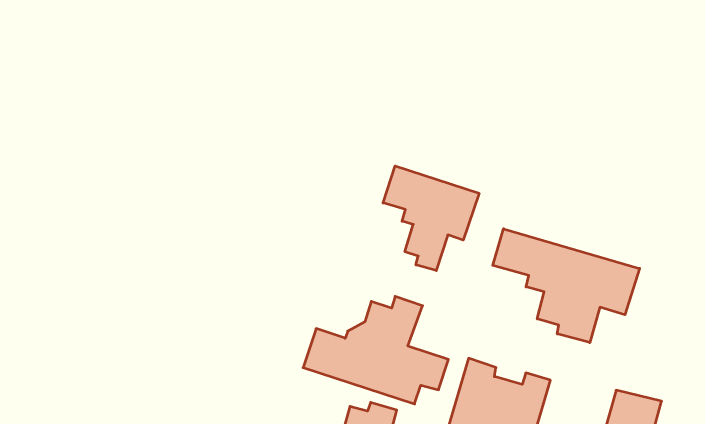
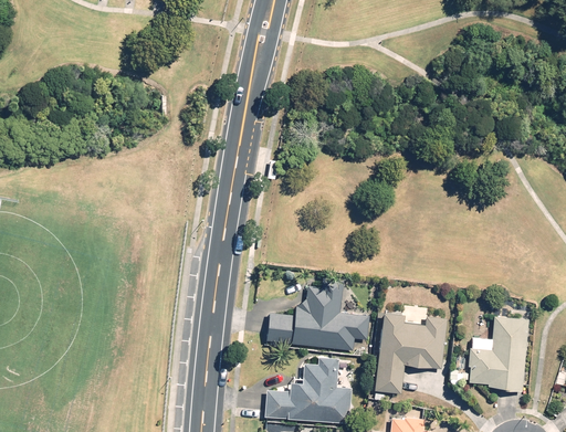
building: [383,166,479,271] -> none
building: [493,229,640,343] -> none

